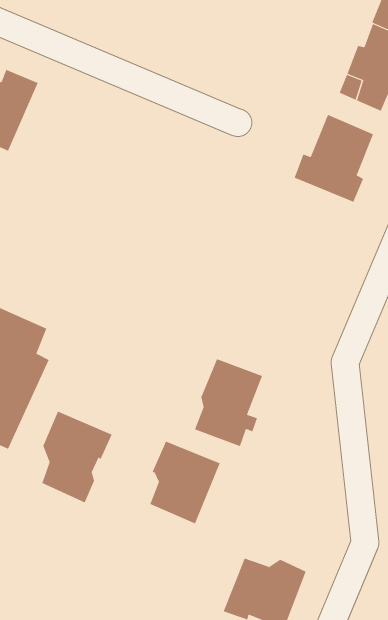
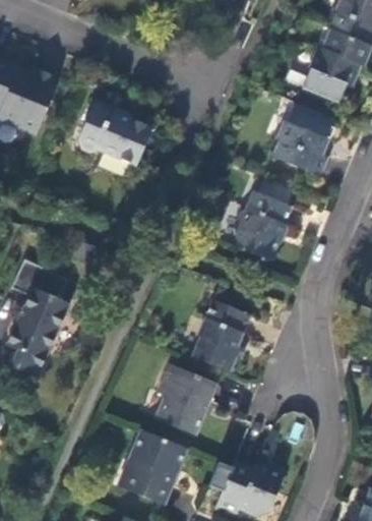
building: none -> [77,98,151,163]
building: none -> [238,180,298,263]
building: [41,411,112,503] -> [123,432,181,508]

